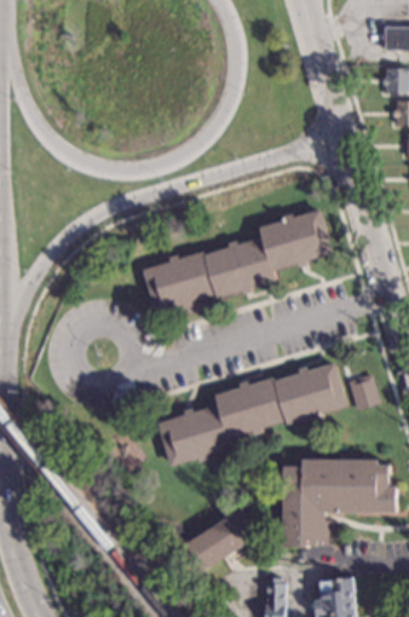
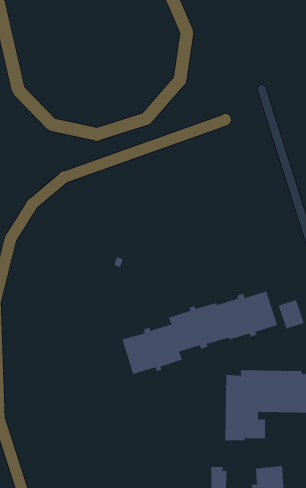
building: [143,209,334,312] -> none
building: [180,508,259,575] -> none

